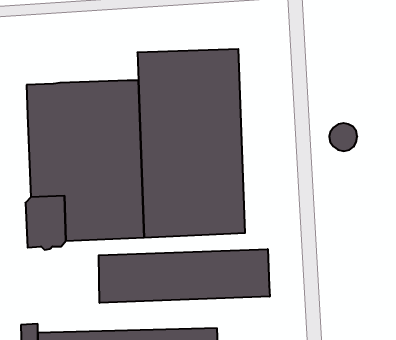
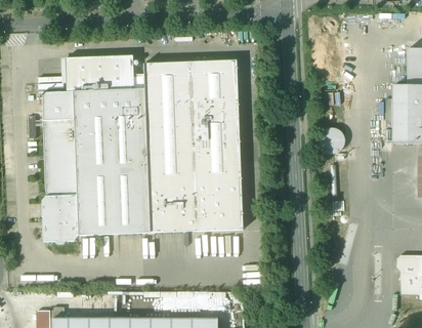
building: none -> [66,54,134,91]
building: [99,249,270,303] -> none

